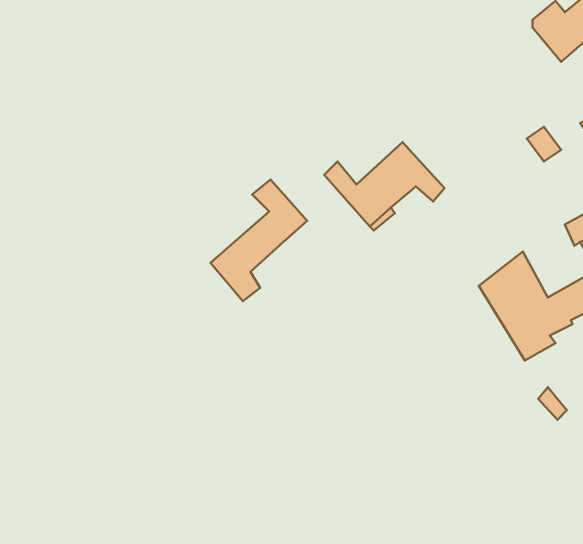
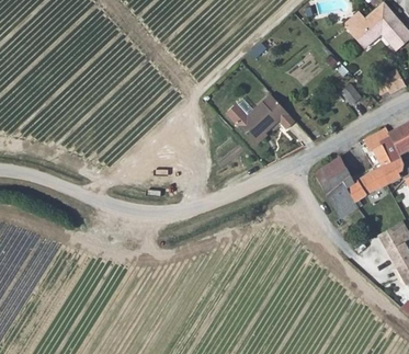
building: [210,179,307,301] -> none

